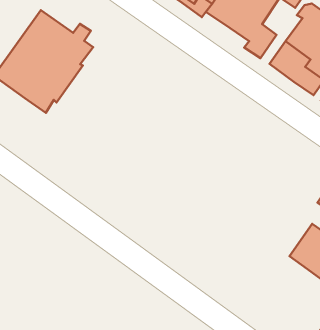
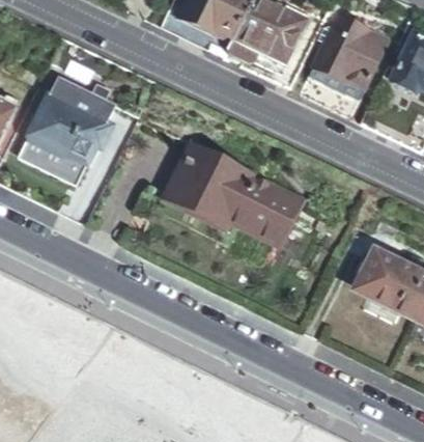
building: none -> [167,144,302,244]

